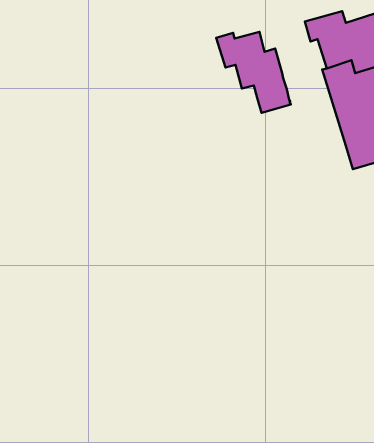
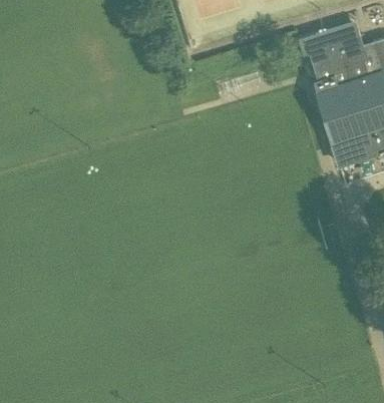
building: [216,32,291,113] -> none

